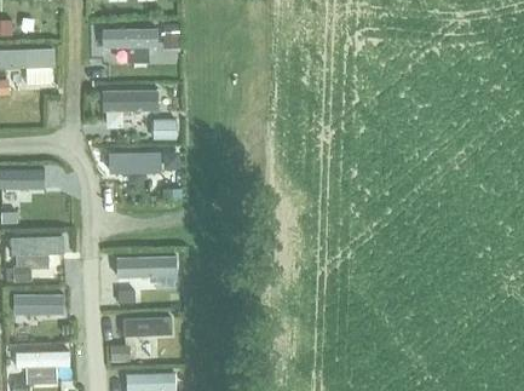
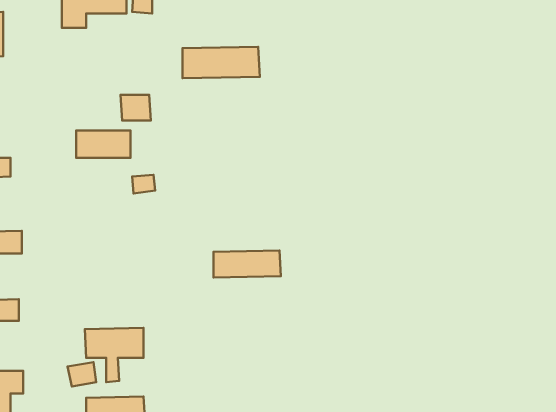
building: [97,86,162,113] -> [182,47,260,78]
building: [120,257,177,280] -> [214,250,281,278]

